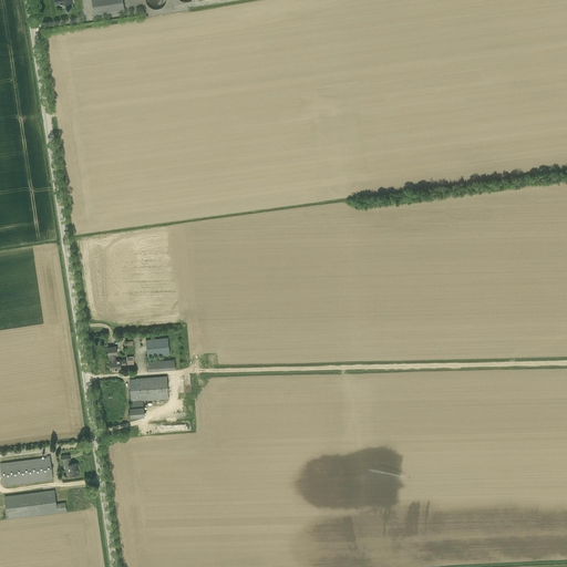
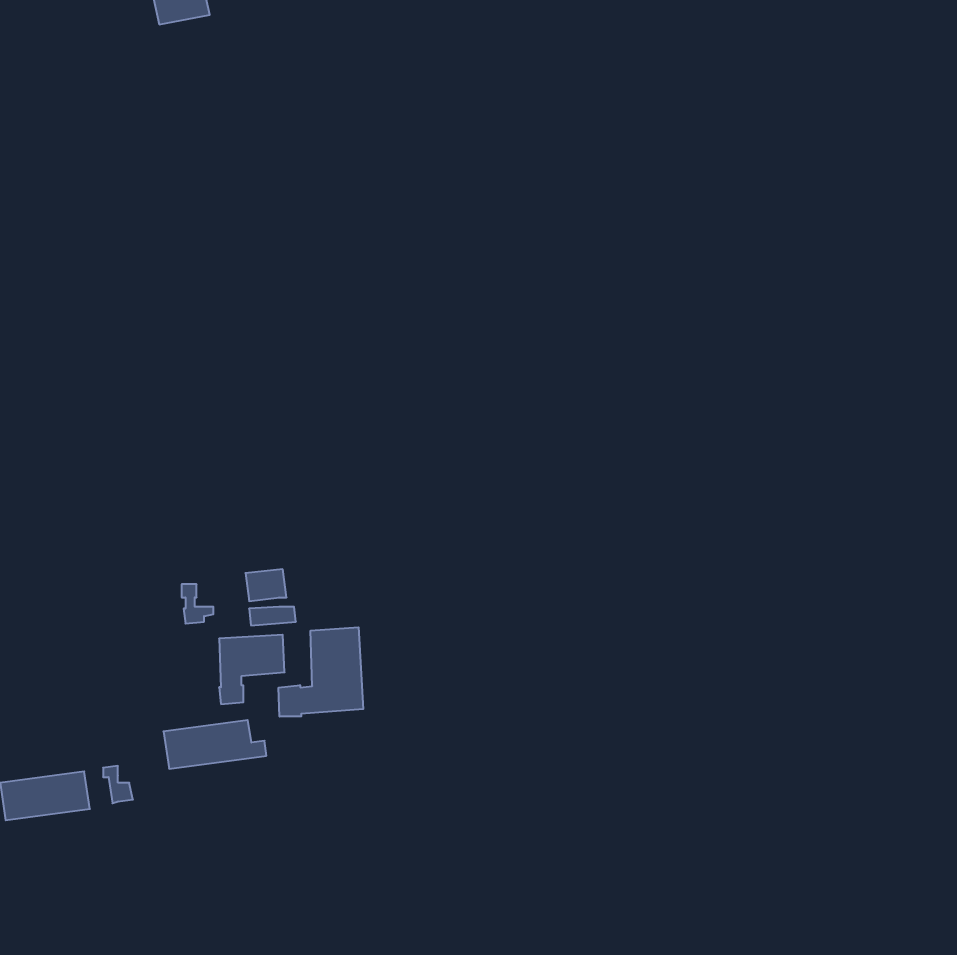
building: none -> [279,627,363,717]
building: [4,489,65,518] -> [163,720,266,769]

